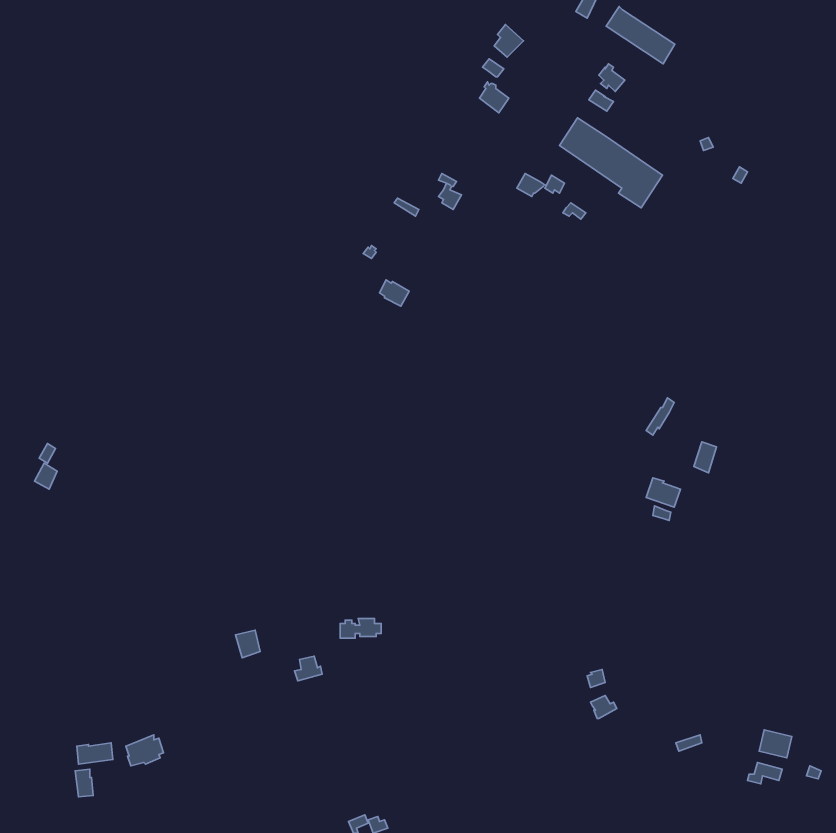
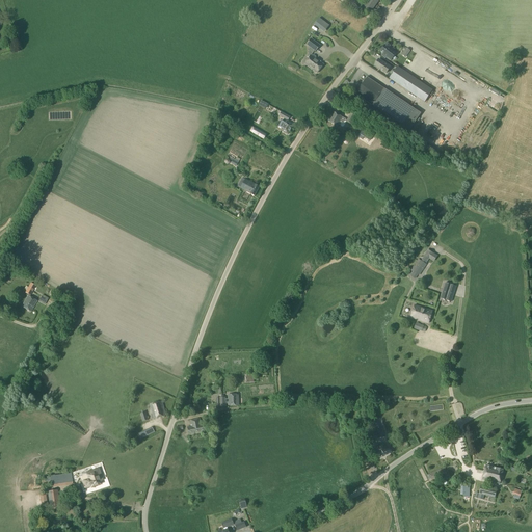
building: [606,7,675,64] -> [389,64,432,101]

